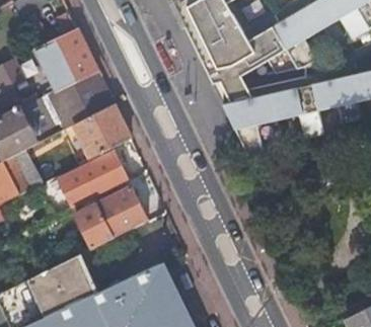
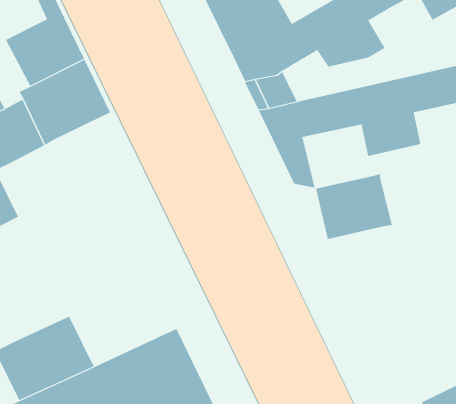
building: [72,104,130,159] -> none
building: none -> [315,174,392,240]
building: [62,151,131,207] -> none
building: [75,187,149,250] -> none

